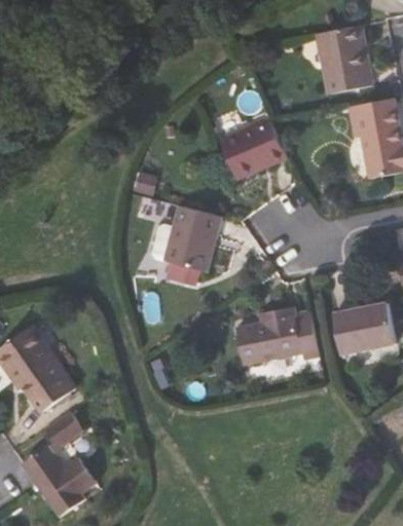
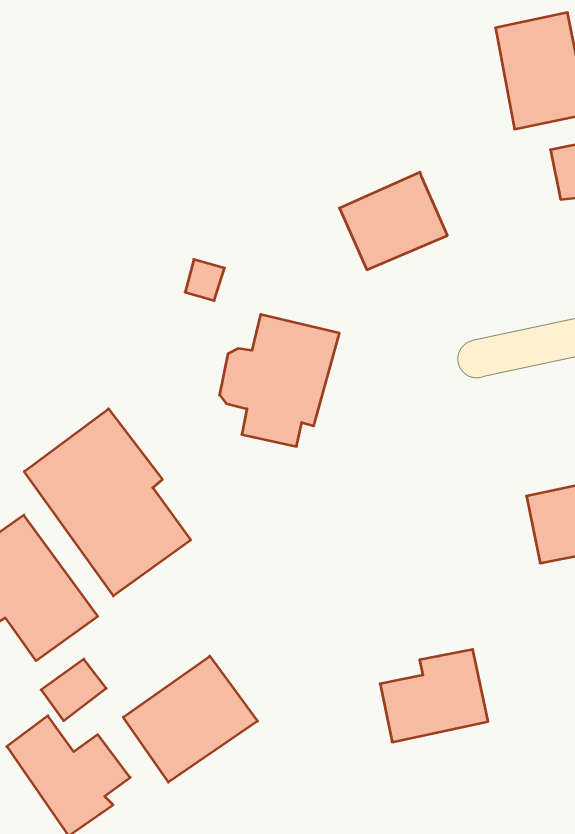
building: none -> [24,409,191,596]
building: [235,307,300,363] -> [380,649,488,742]
building: none -> [123,656,258,782]

